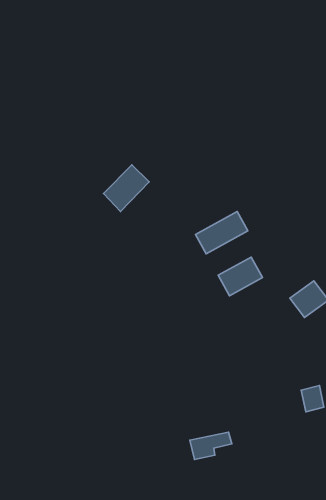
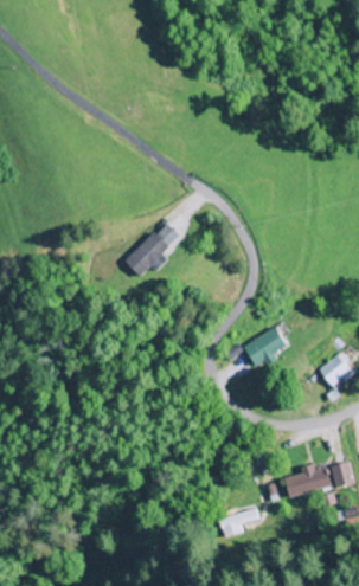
building: [195,211,248,254] -> none
building: none -> [282,465,331,497]

